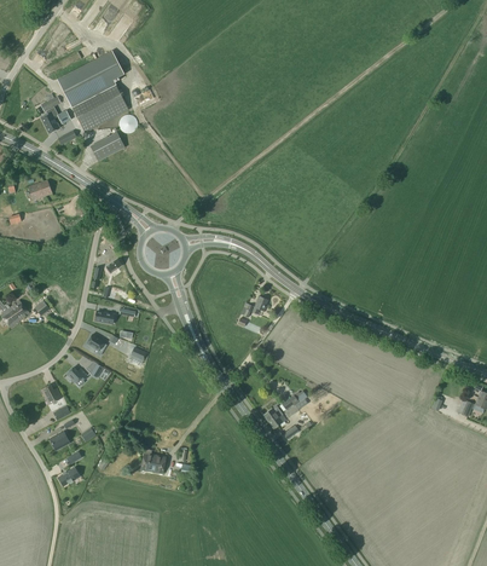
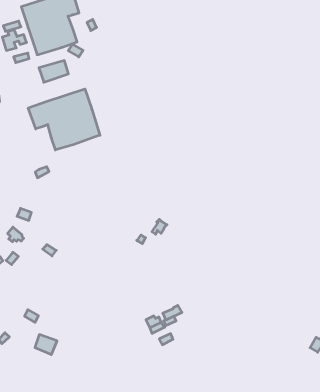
building: none -> [28,89,100,150]

